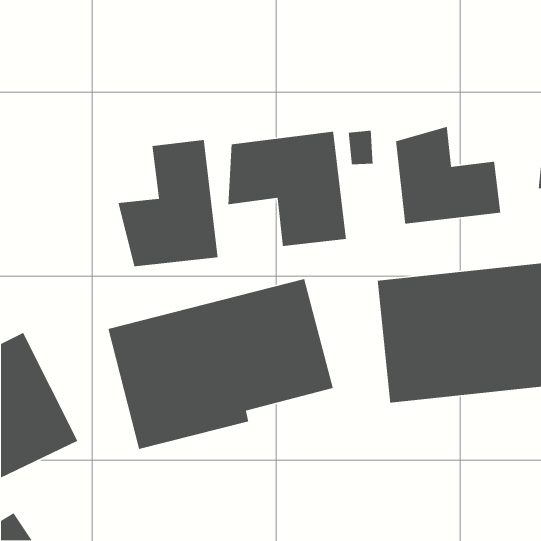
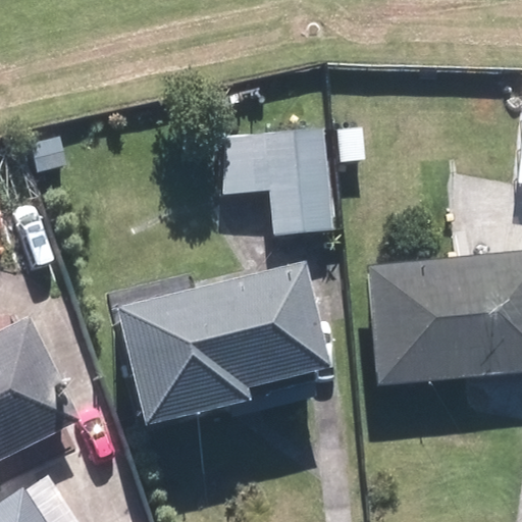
building: [395,126,501,225] -> none
building: [117,139,219,267] -> none

